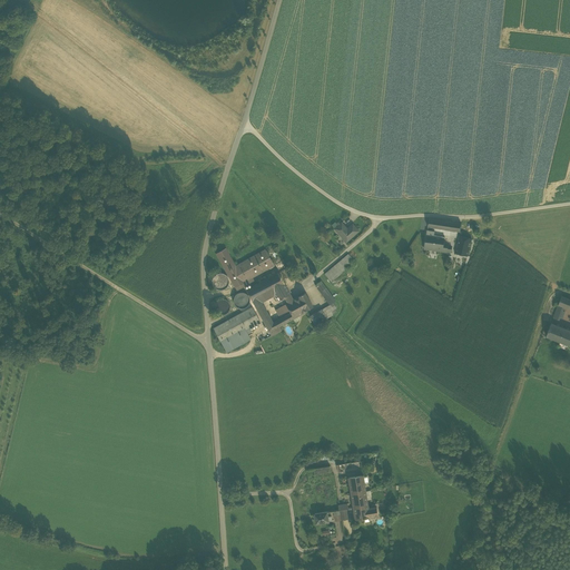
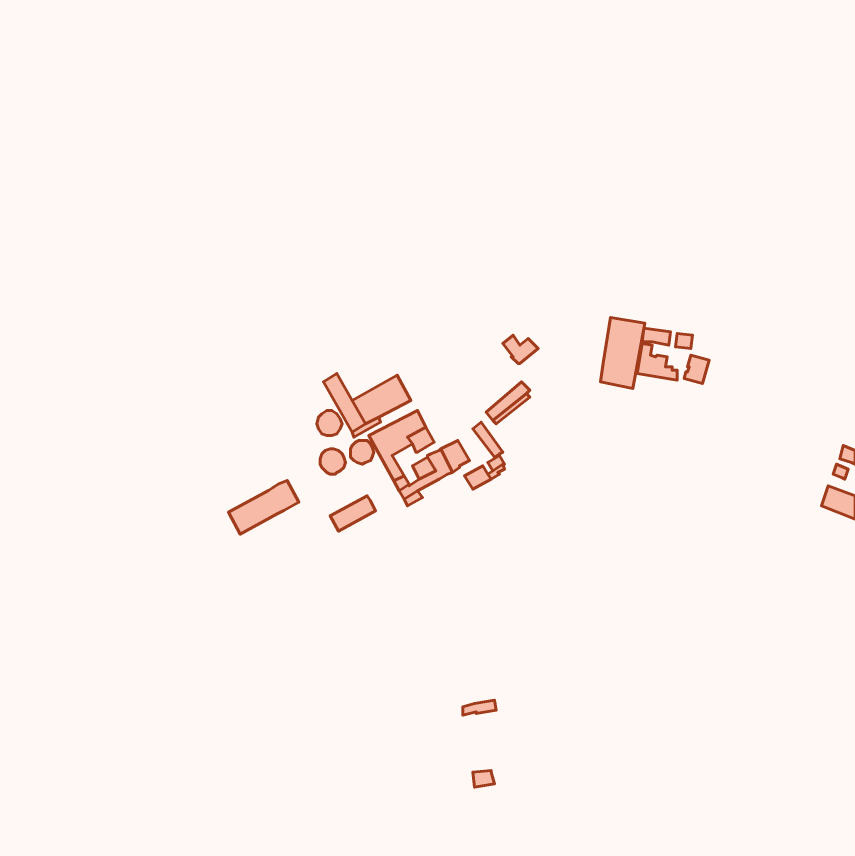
building: none -> [601,318,645,388]
building: [212,307,258,343] -> [228,480,299,534]
building: [348,475,376,519] -> none

